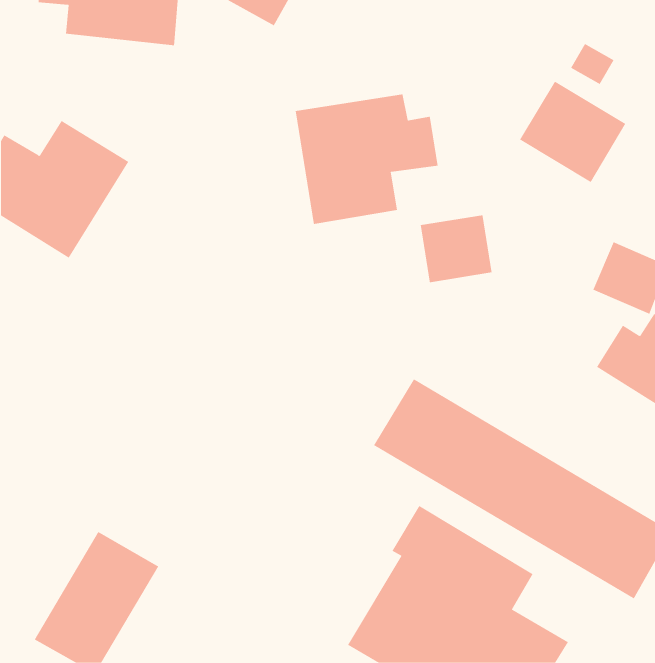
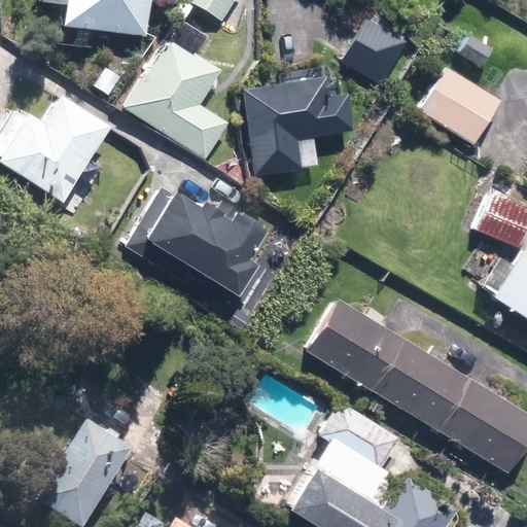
building: none -> [124,16,232,159]
building: none -> [343,19,409,83]
building: [420,215,492,283] -> none
building: none -> [125,181,265,297]

